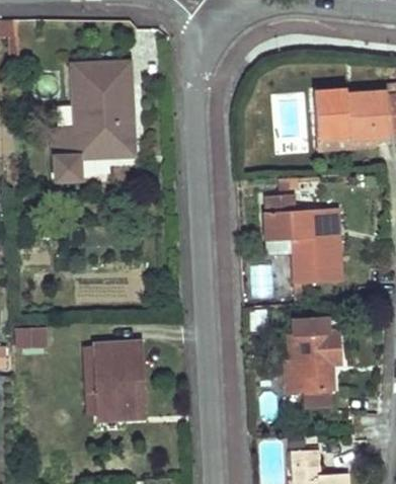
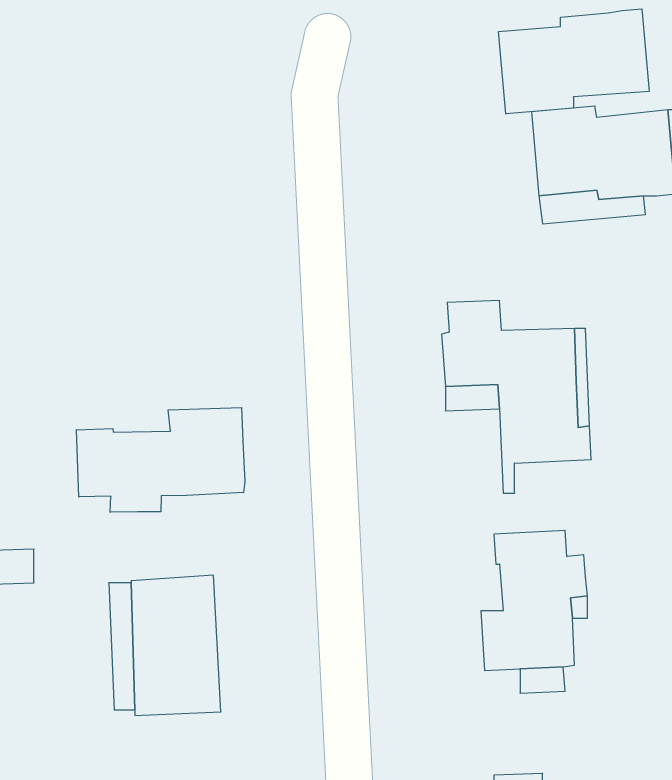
building: none -> [499,9,649,114]
building: [52,62,134,181] -> none
building: none -> [76,408,245,512]

